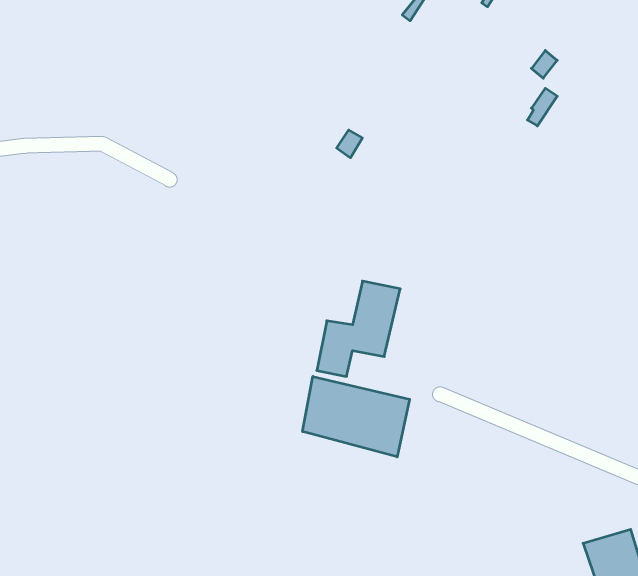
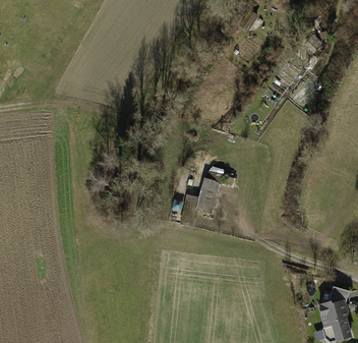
building: [303,376,410,457] -> none

